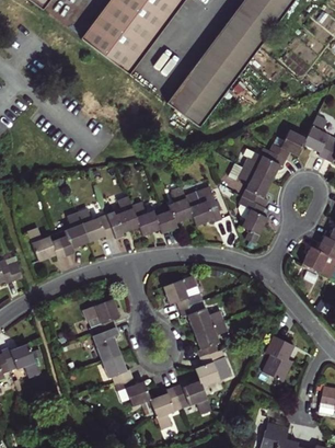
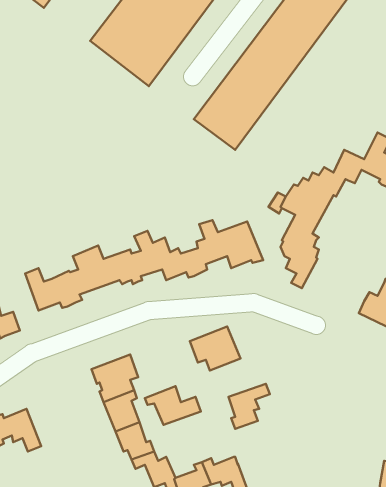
building: [180,300,226,332] -> [145,386,201,425]
building: [262,334,296,381] -> none
building: [195,351,231,388] -> none

